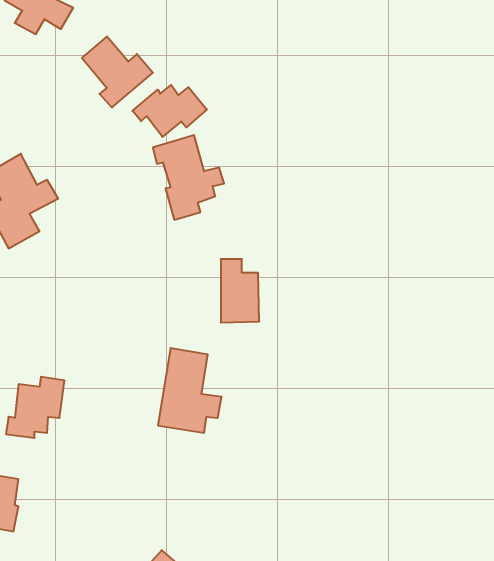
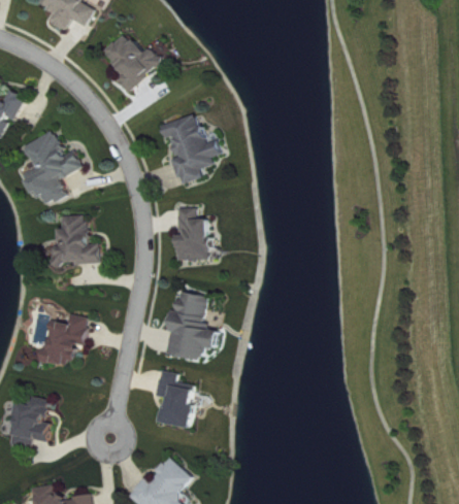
building: [132,85,207,137] -> none
building: none -> [43,214,99,265]
building: [221,259,259,323] -> [177,208,209,261]
building: none -> [156,371,193,428]

